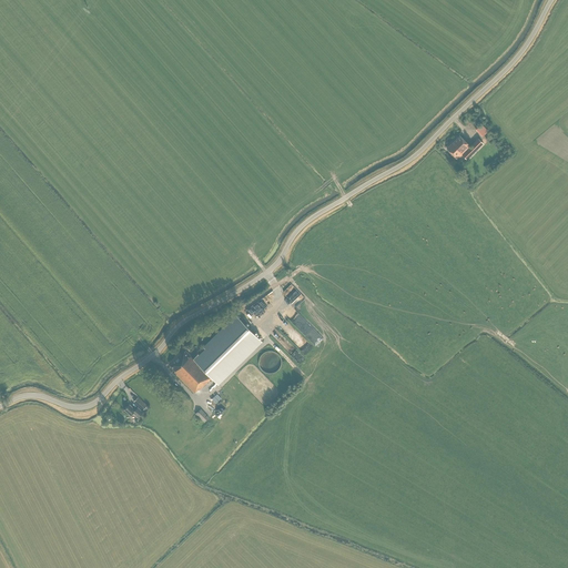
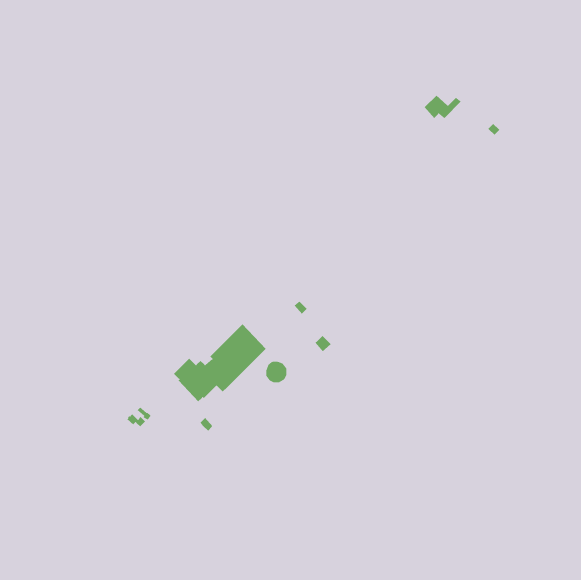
building: [446,134,483,158] -> [424,95,462,119]

